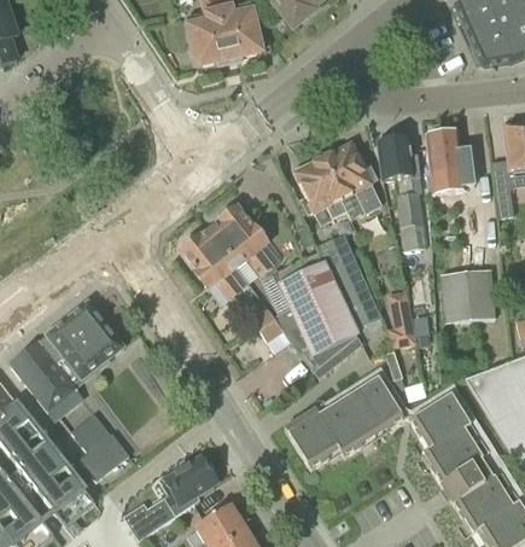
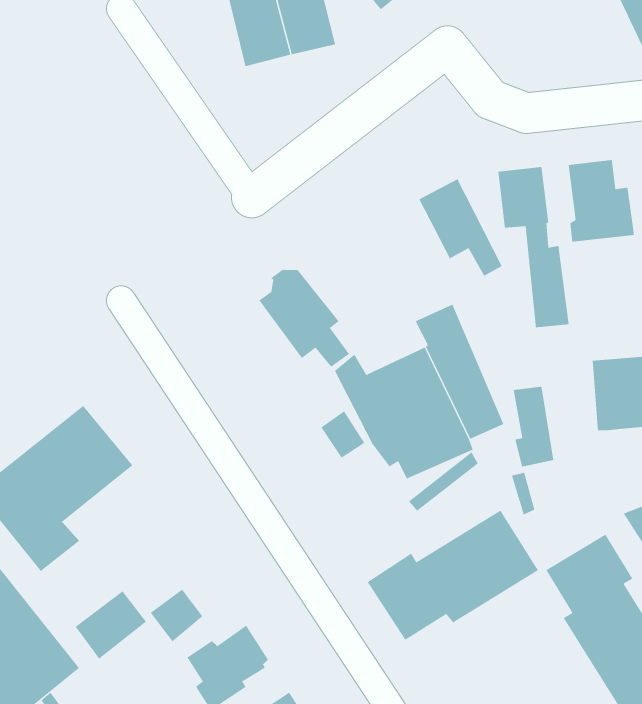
building: [293,157,349,223] -> none
building: [180,228,245,301] -> none
building: [71,409,109,447] -> [150,589,203,642]

